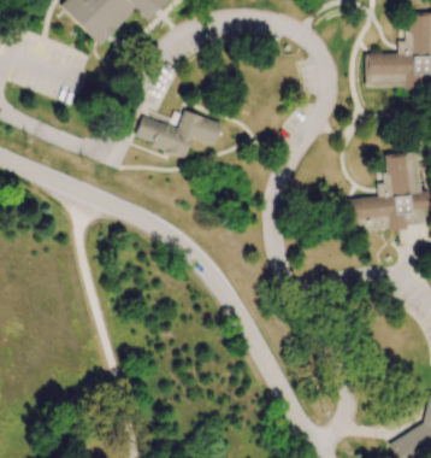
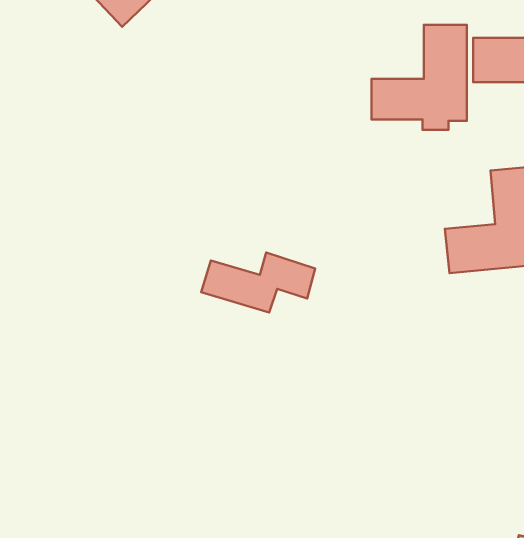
building: none -> [372,25,467,130]
building: [134,110,220,155] -> [201,253,315,313]

